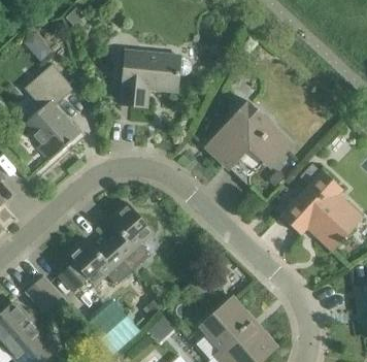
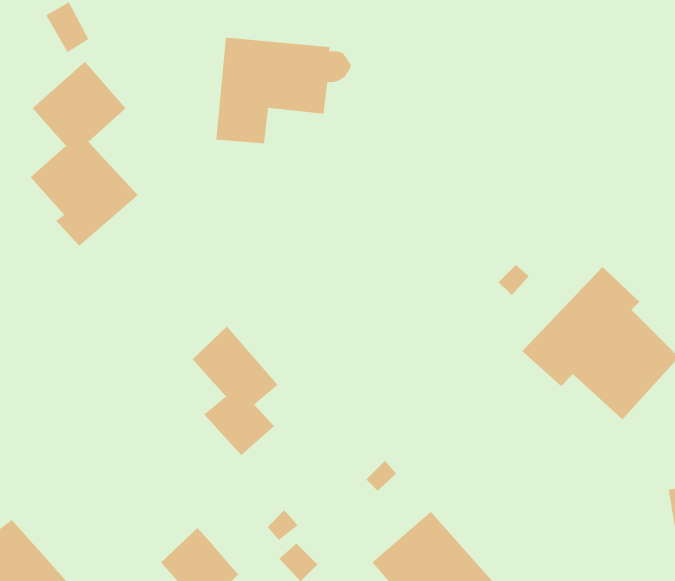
building: [204,101,292,169] -> none
building: [58,238,133,292] -> none
building: [25,275,62,312] -> none

